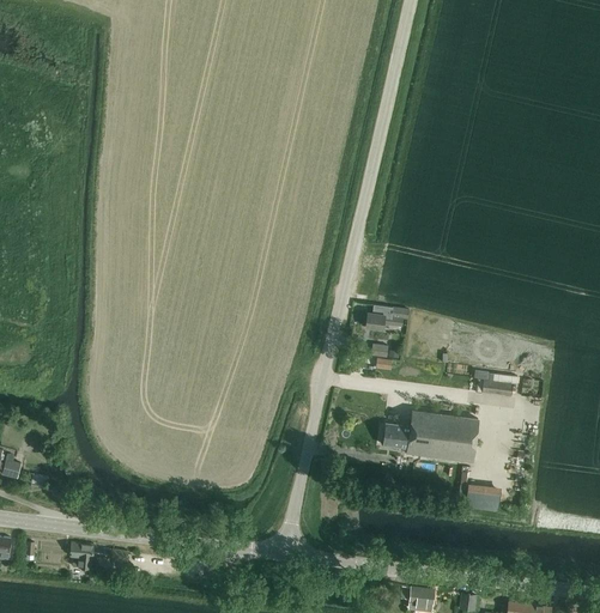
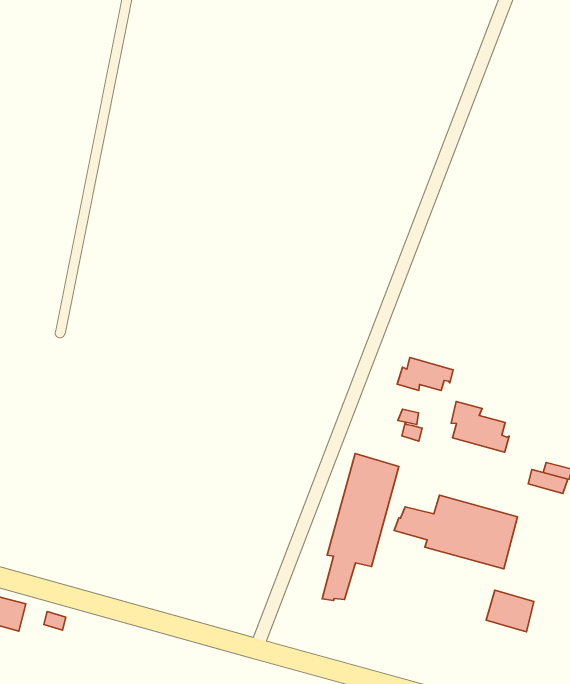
building: none -> [451,402,509,452]
building: none -> [322,454,399,600]

